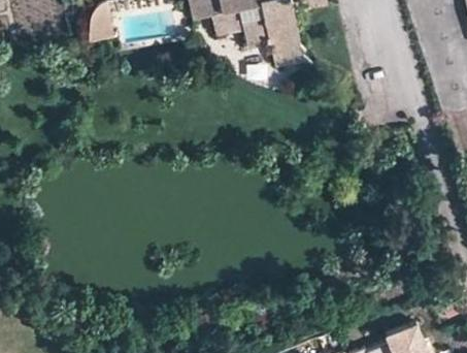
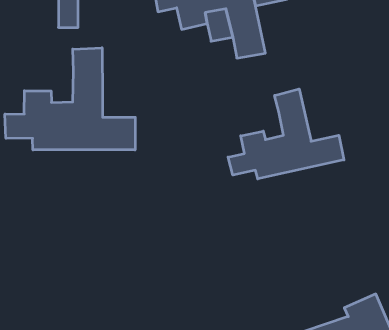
building: none -> [5,48,135,150]
building: none -> [228,89,344,179]

